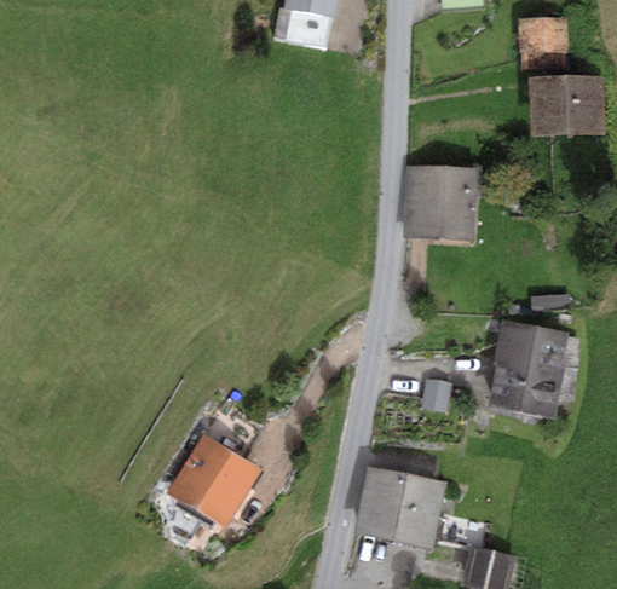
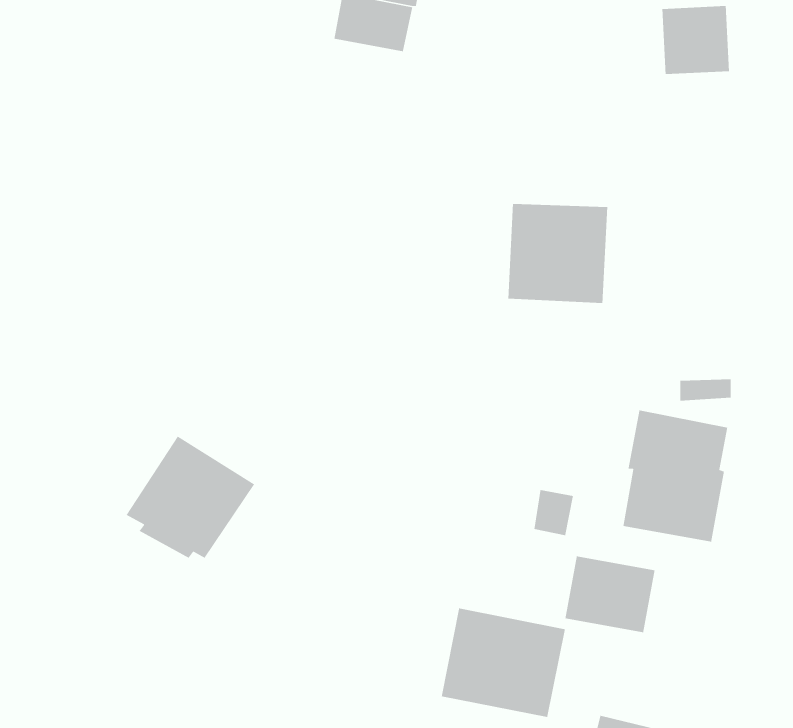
building: [529,75,606,135] -> none
building: none -> [565,555,655,633]
building: [166,433,263,525] -> [125,436,255,559]

